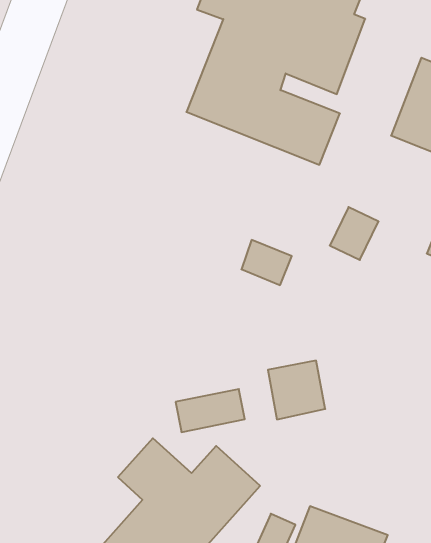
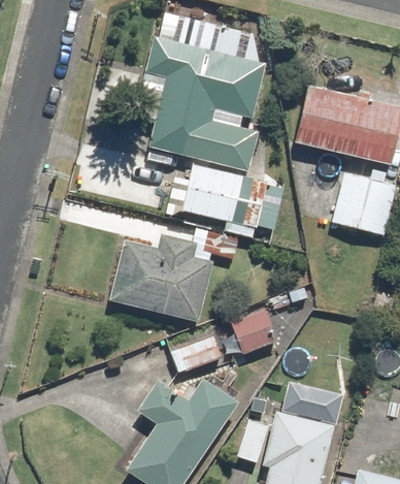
building: none -> [182,165,267,228]
building: none -> [108,234,211,321]
building: none -> [281,382,342,424]

